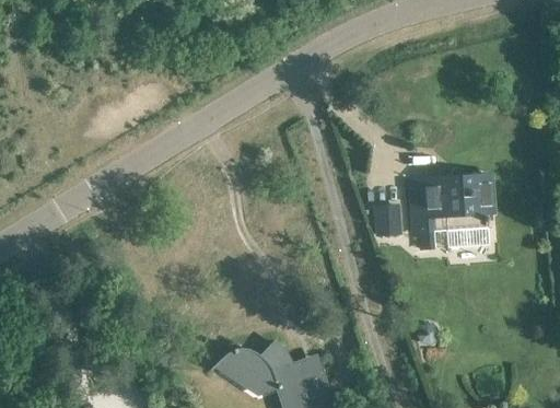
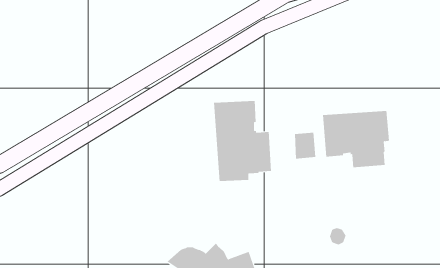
building: none -> [214,100,272,182]

